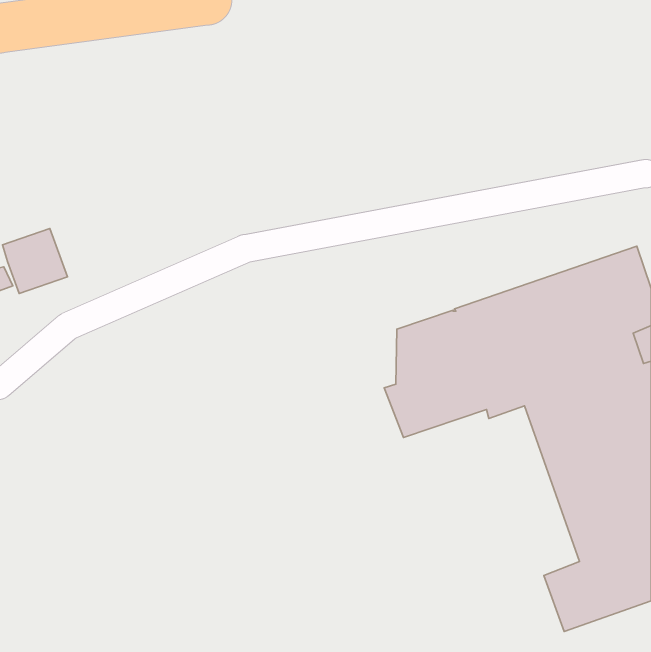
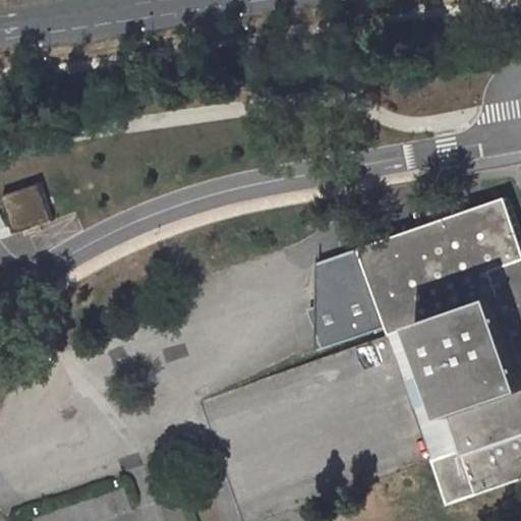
building: none -> [390,324,462,459]

